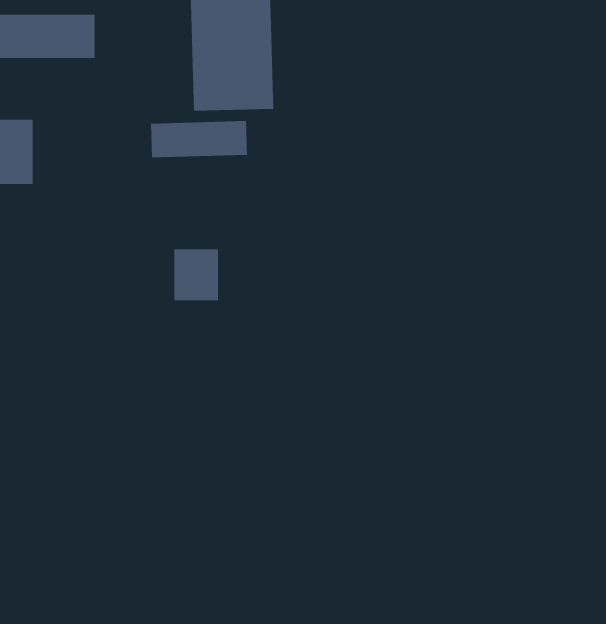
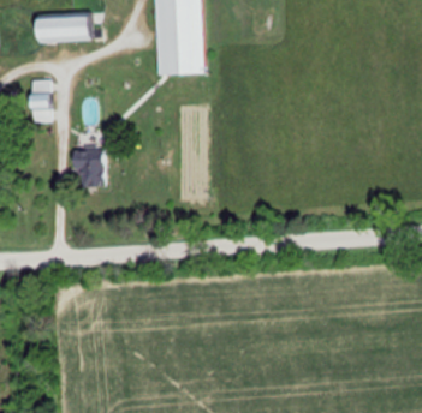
building: [150,120,248,158] -> none
building: [174,249,219,301] -> [73,152,102,186]

